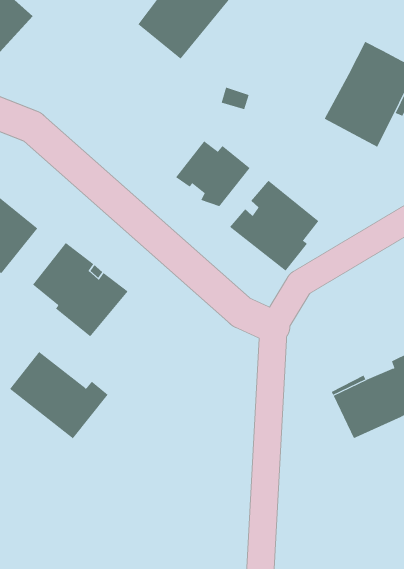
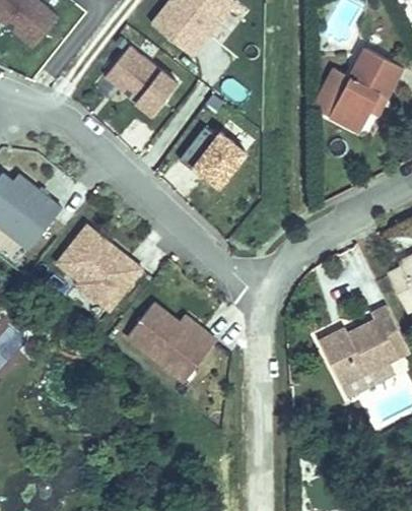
building: none -> [101,45,175,114]
building: [229,180,319,271] -> none
building: [9,351,109,439] -> [126,298,214,376]

